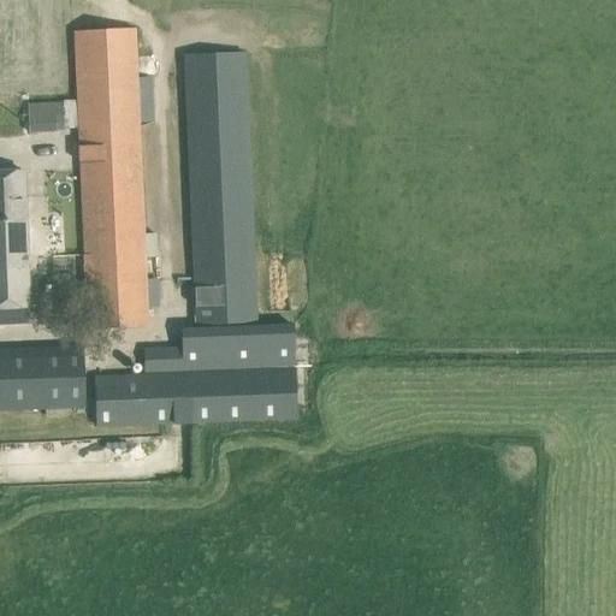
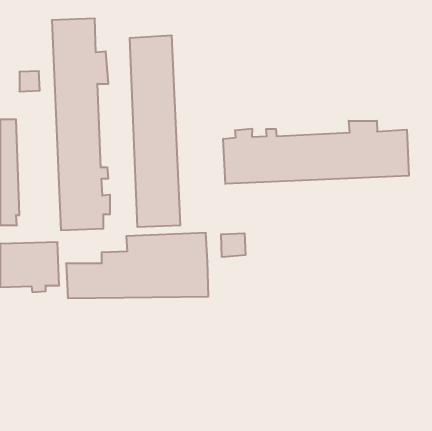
building: none -> [223,121,409,184]
building: none -> [221,233,245,257]

